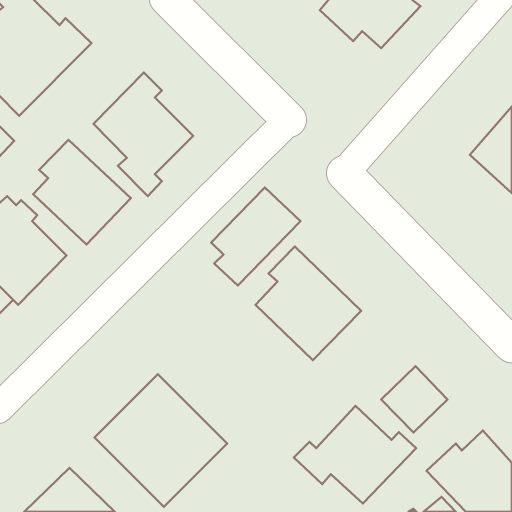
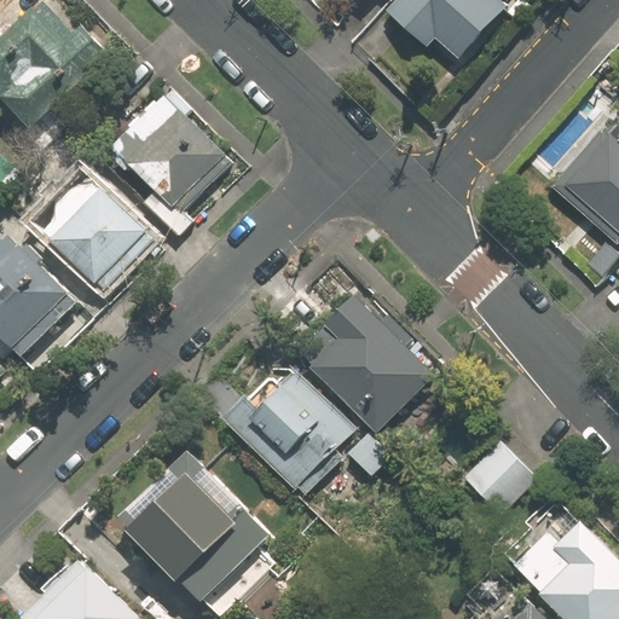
building: [211,187,300,285] -> none
building: none -> [220,361,391,496]
building: [294,406,416,504] -> none

